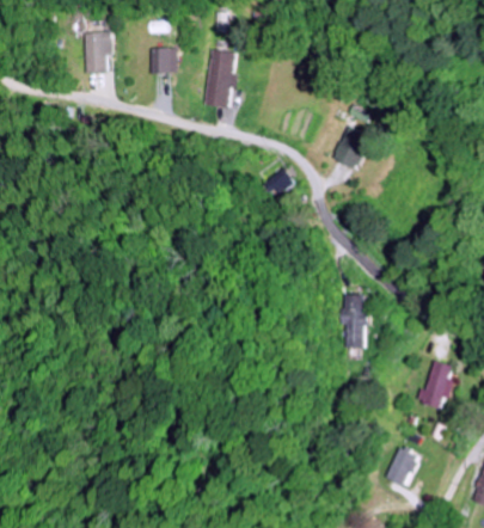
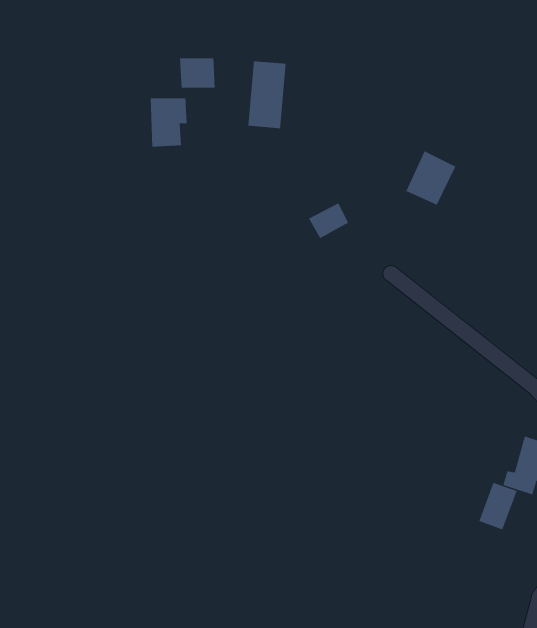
building: [84,32,115,73] -> [150,98,188,147]
building: [338,294,363,348] -> none
building: [380,447,412,486] -> [478,482,517,530]

